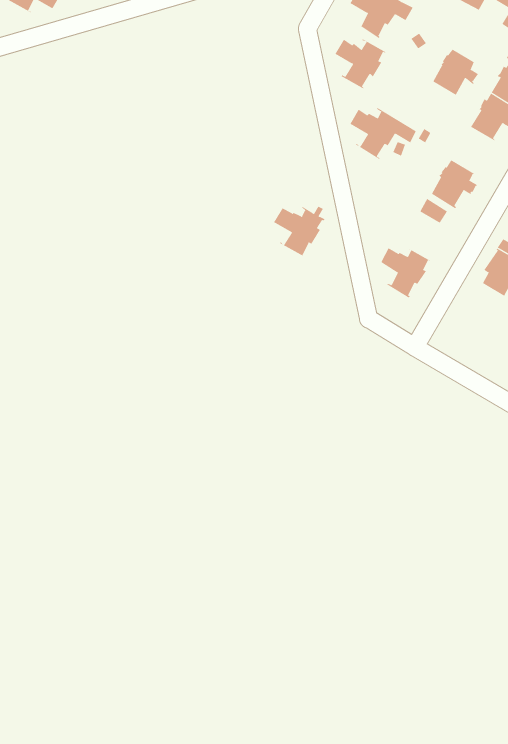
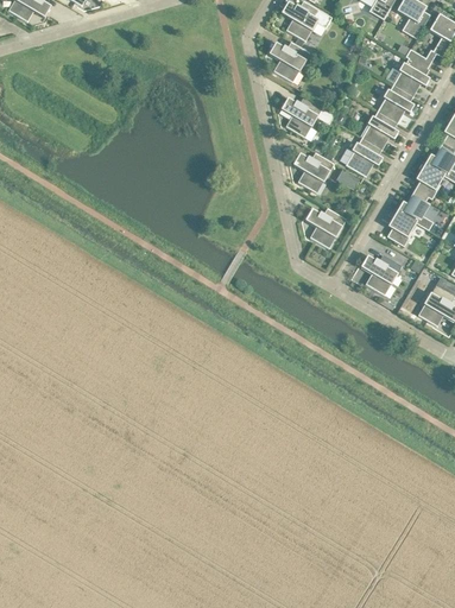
building: [433,49,479,96] -> [361,112,398,150]
building: [273,206,325,257] -> [292,152,334,192]
building: none -> [360,254,402,294]

